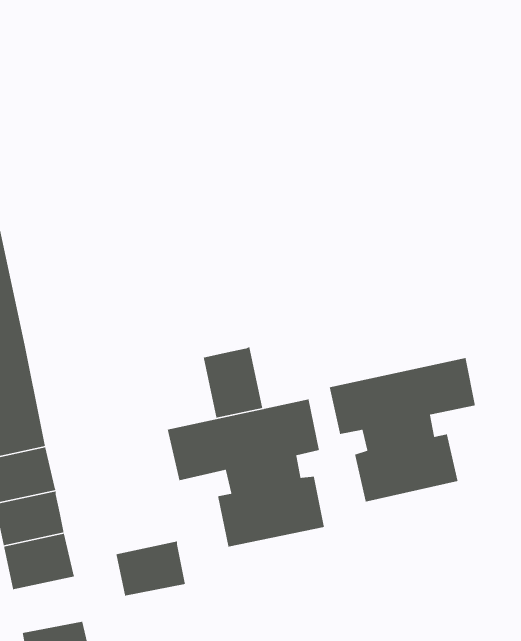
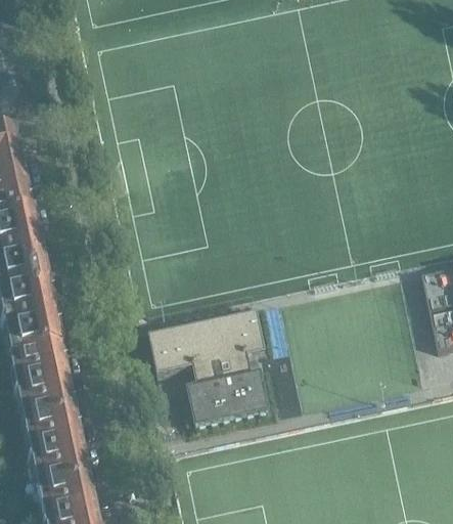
building: [203,346,263,418] -> none
building: [329,357,476,502] -> none
building: [115,541,186,596] -> [32,447,86,490]

